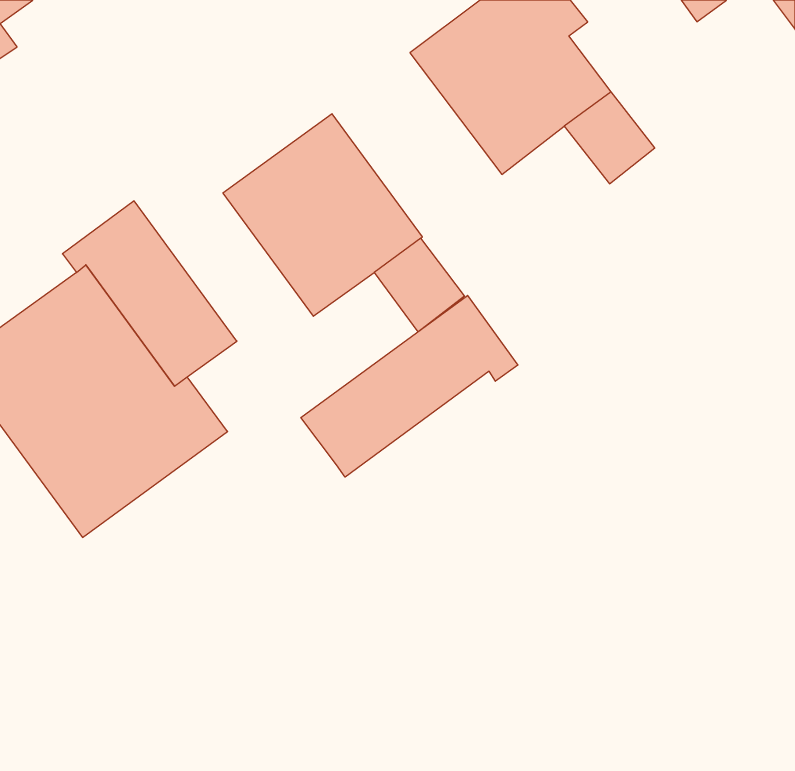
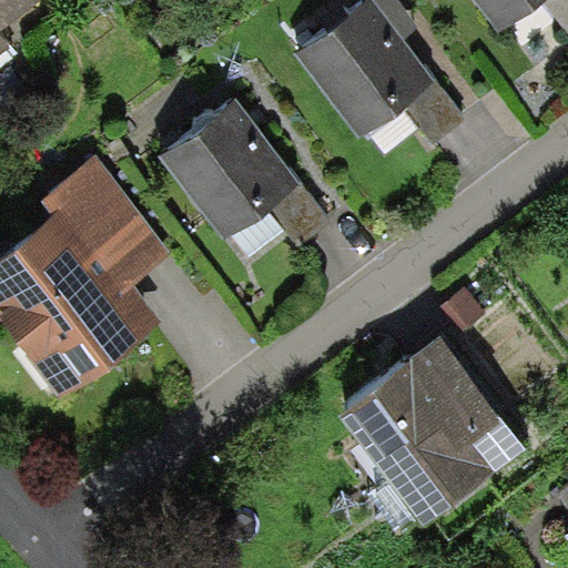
building: [301,295,518,477] -> none
building: none -> [338,331,527,520]

